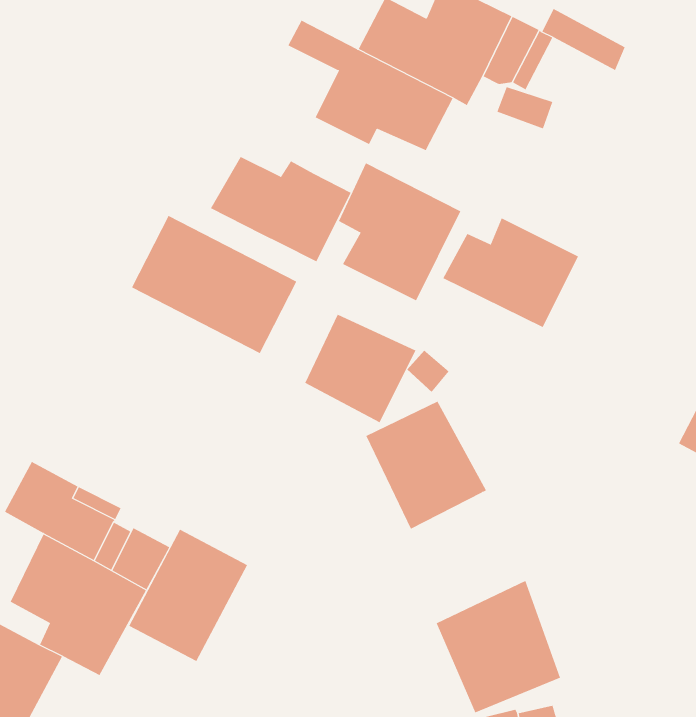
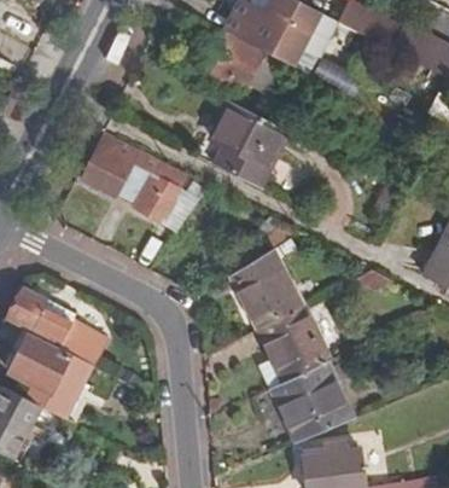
building: [210,156,352,262] -> none
building: [443,218,579,328] -> none
building: [305,314,416,423] -> none
building: none -> [257,306,328,389]
building: [129,529,248,662] -> none

